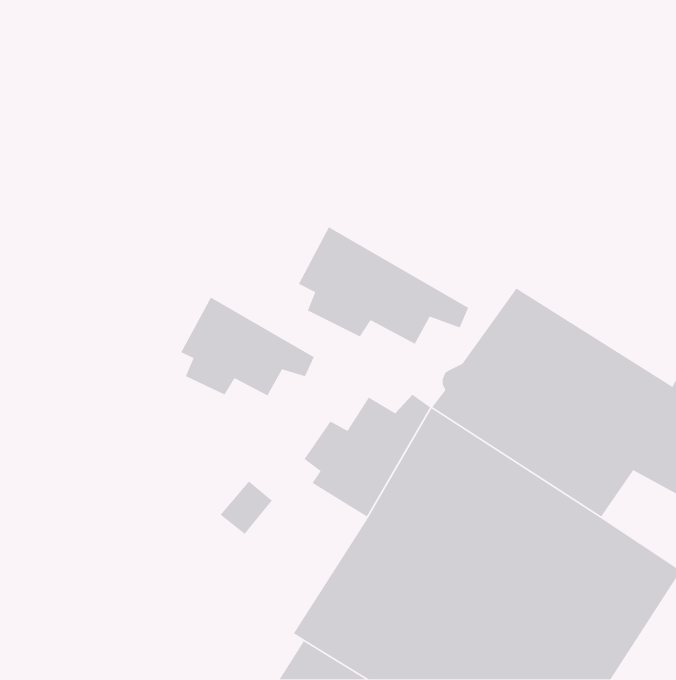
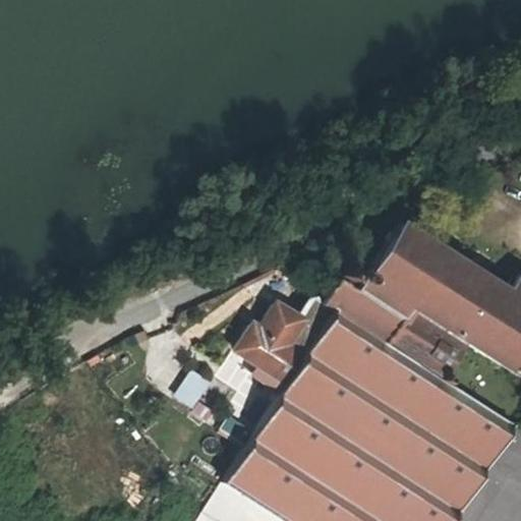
building: [298,226,469,345] -> none
building: [180,296,315,396] -> none

